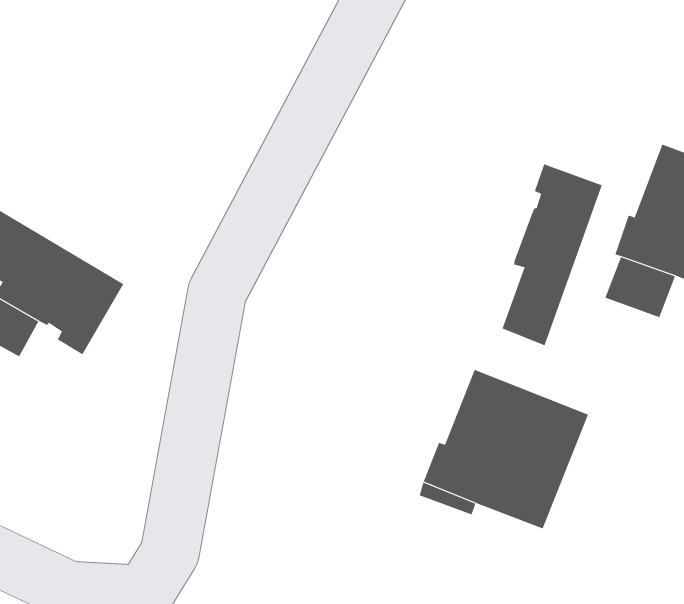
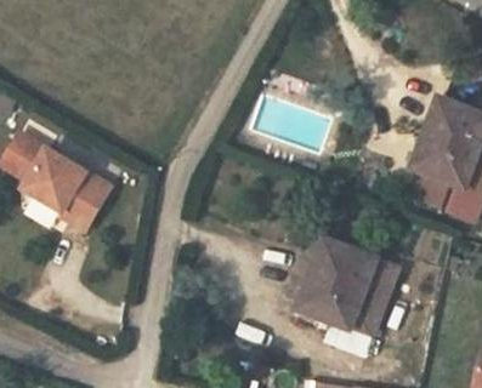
building: [502,163,602,346] -> none

